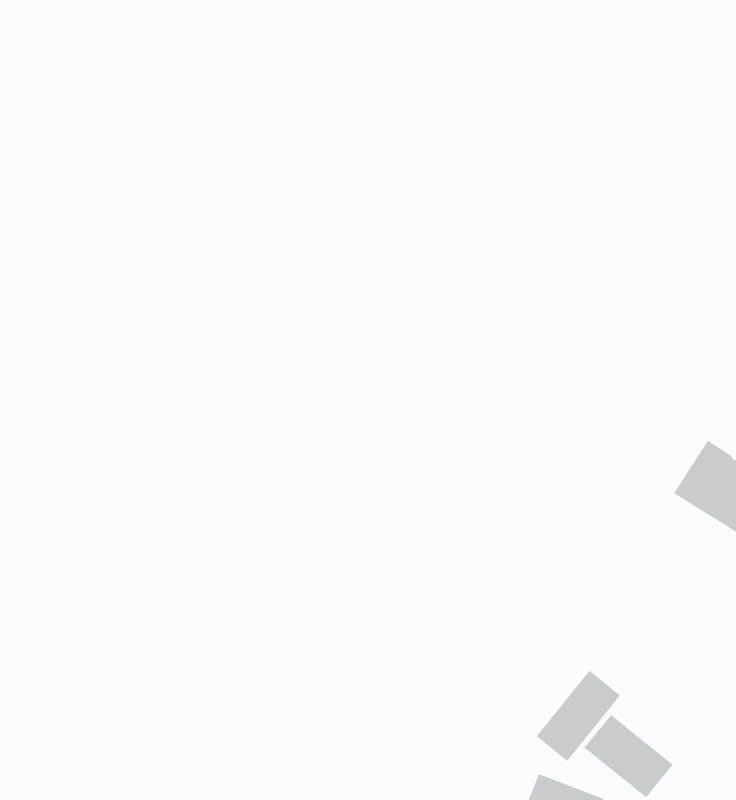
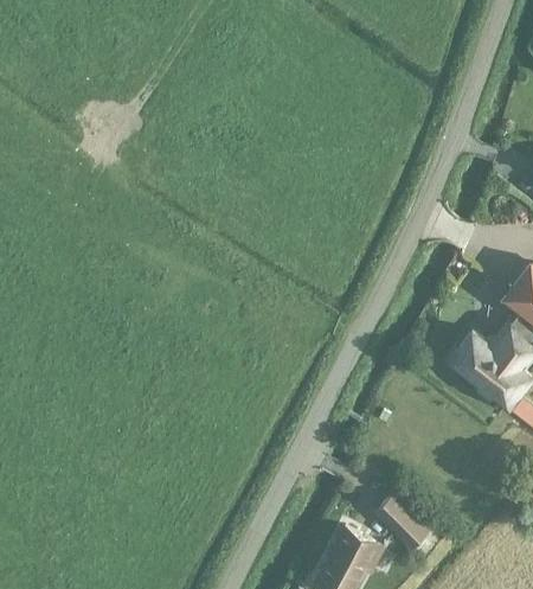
building: [536,670,621,762] -> none

